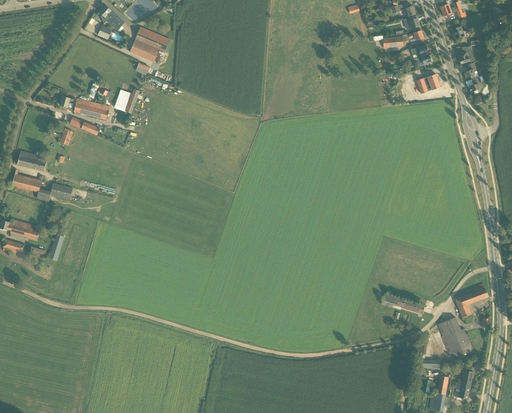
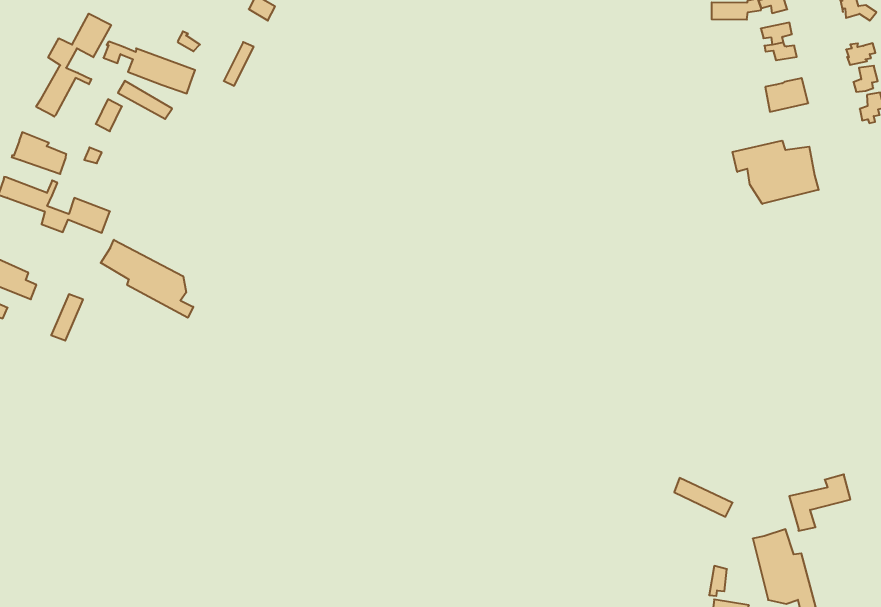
building: none -> [36,14,111,117]
building: none -> [732,141,819,204]
building: none -> [101,240,193,318]

